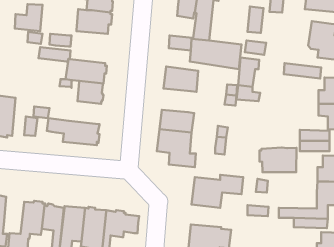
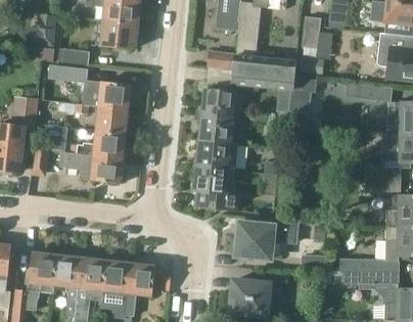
building: none -> [10,96,37,126]
building: none -> [198,114,233,143]
building: none -> [71,130,127,157]
building: [259,148,296,172] -> none

